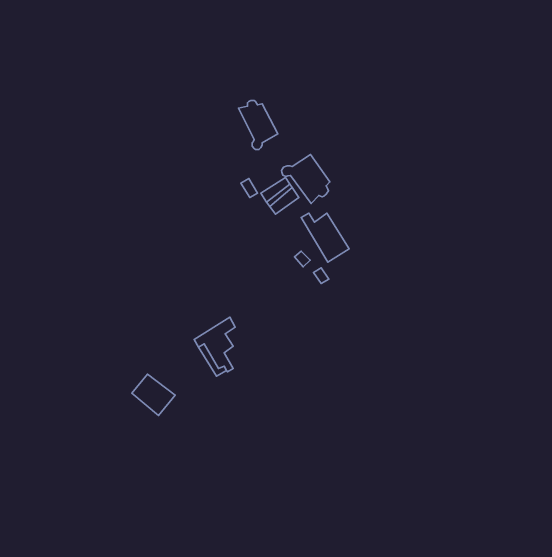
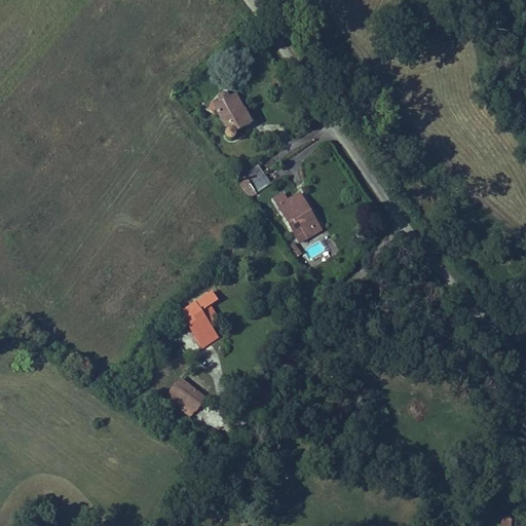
building: [282,154,330,203] -> none
building: [132,374,175,415] -> [166,376,206,414]

